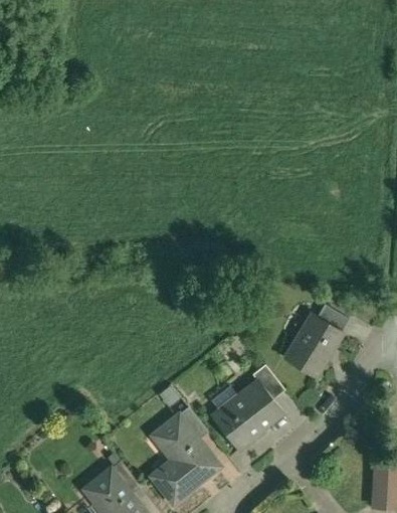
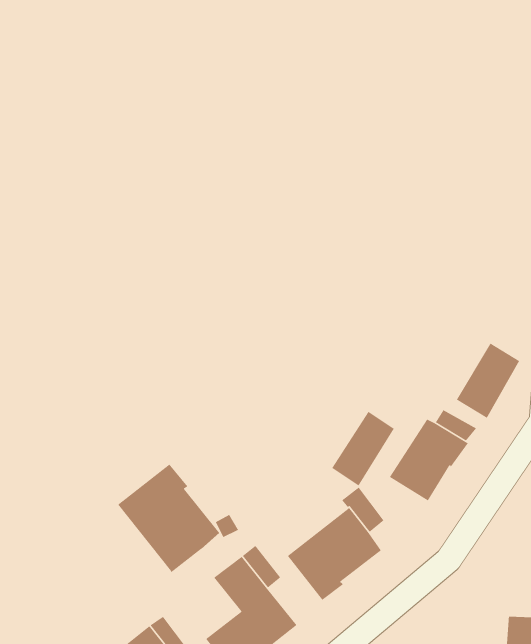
building: none -> [456,343,520,419]
building: none -> [331,411,395,487]
building: none -> [117,464,220,573]

